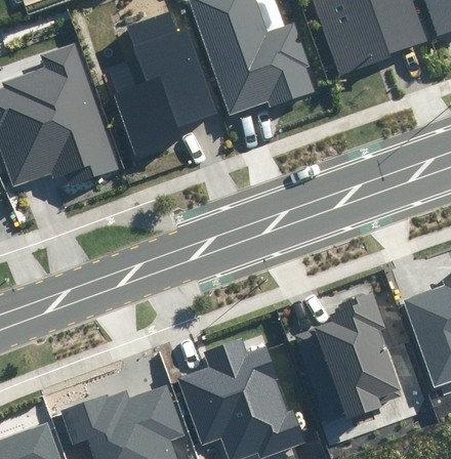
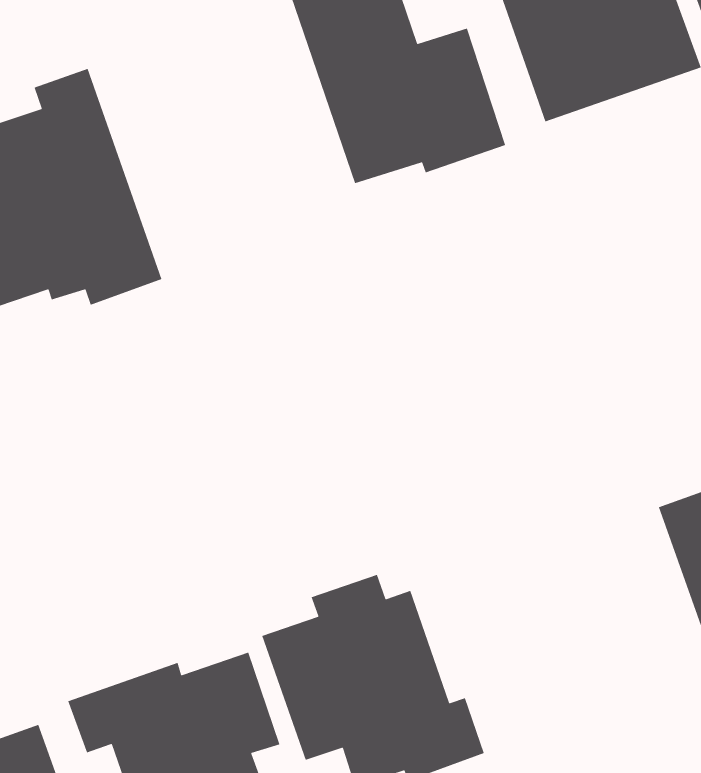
building: [116,13,218,155] -> none
building: [315,291,403,422] -> none

